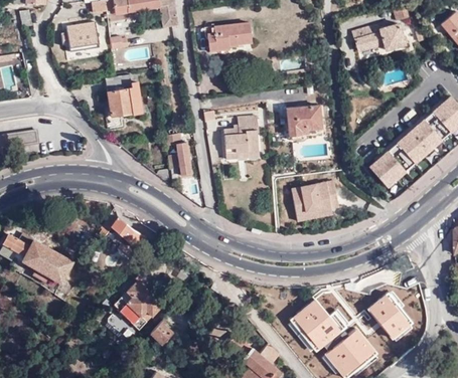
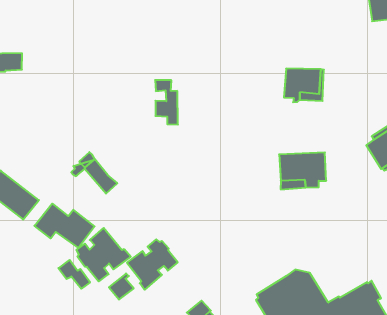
building: [106,80,143,117] -> none
building: [220,115,256,160] -> none
building: none -> [34,204,95,248]
building: none -> [127,239,178,290]

